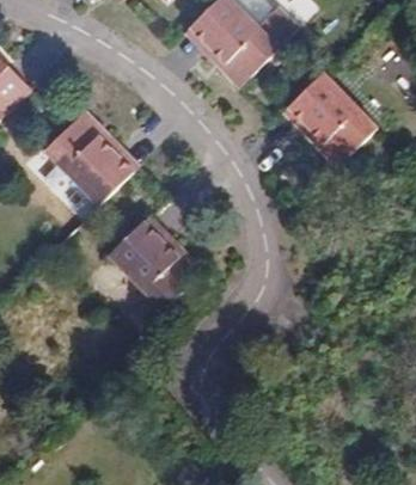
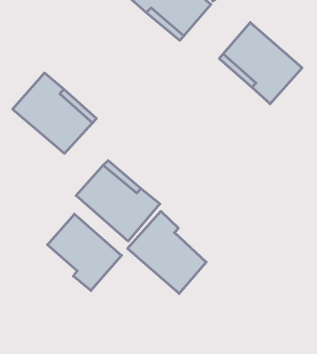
building: none -> [47,214,122,291]
building: none -> [128,211,206,294]

